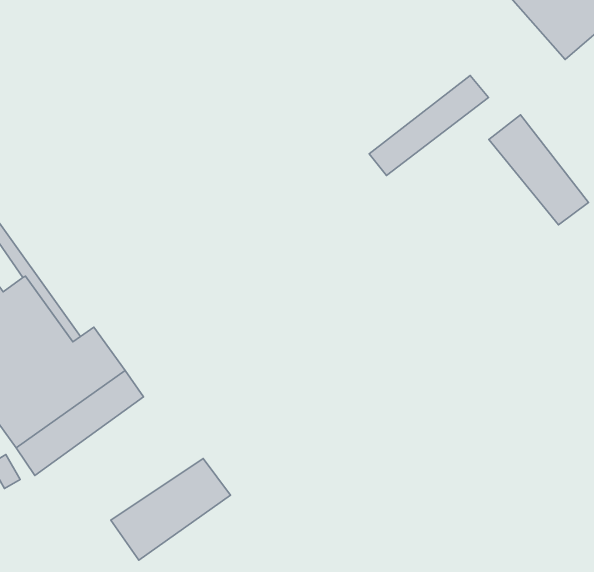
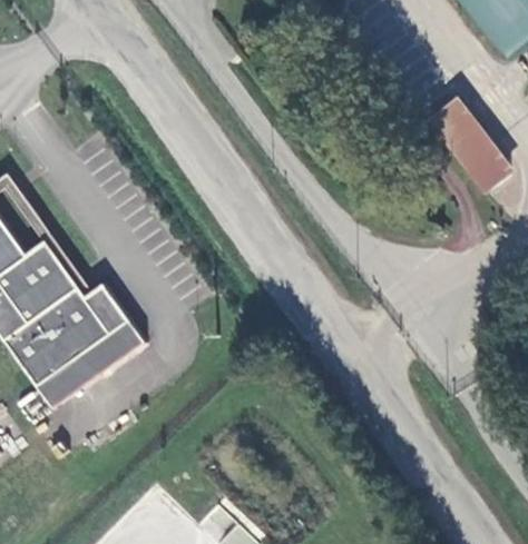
building: [369,75,489,175] -> none
building: [111,458,231,560] -> none

